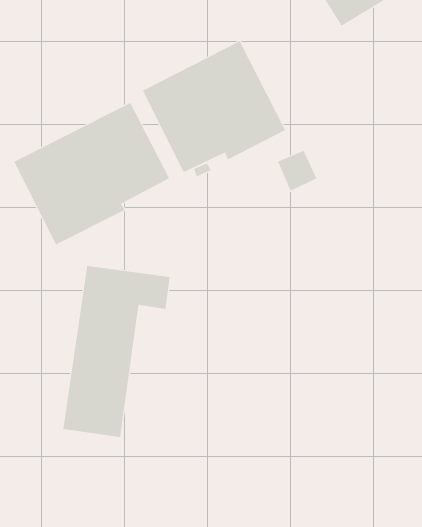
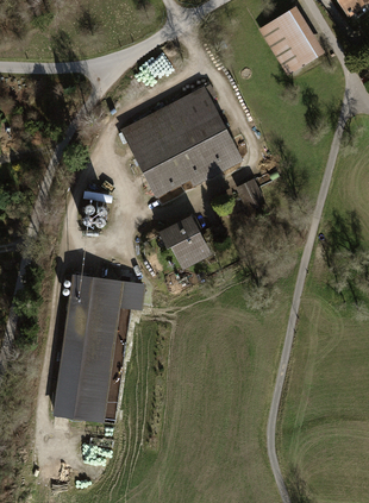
building: [14,102,170,245] -> none
building: none -> [158,215,211,269]

